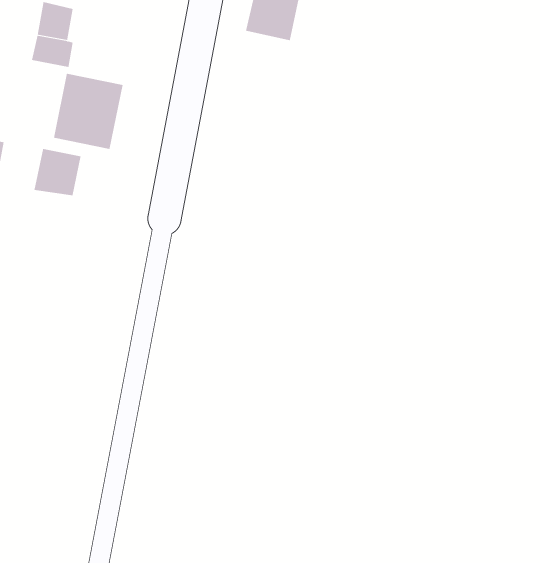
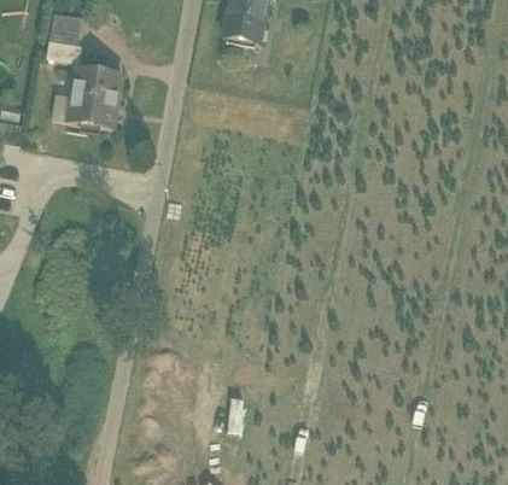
building: [34,148,81,196] -> none

